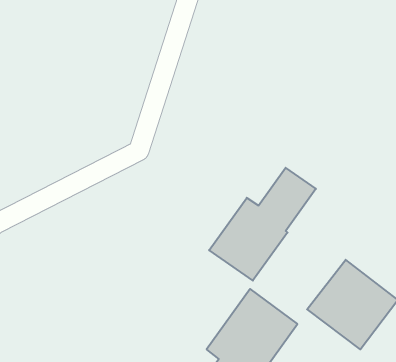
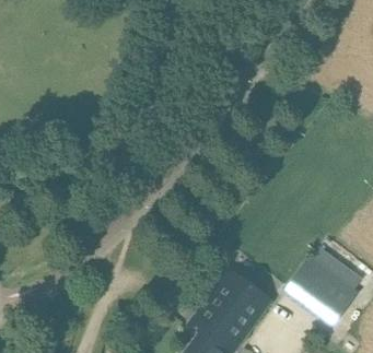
building: [209,168,316,281] -> none

